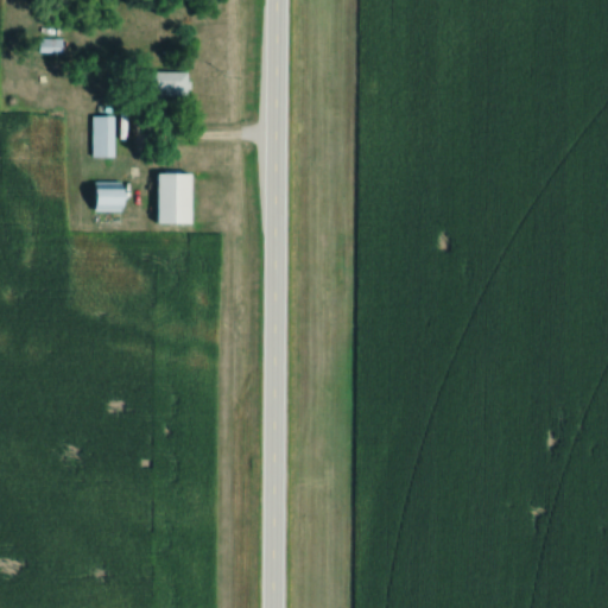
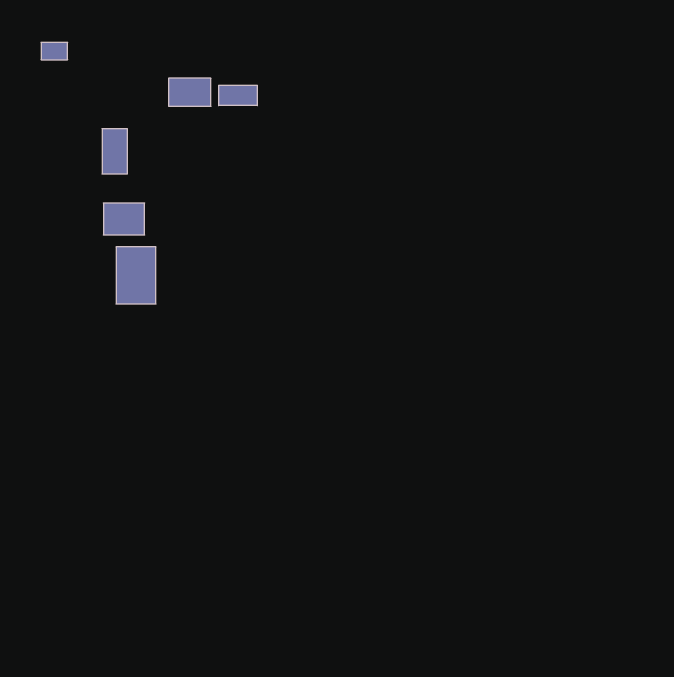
building: none -> [219,85,257,106]
building: [158,173,194,224] -> [116,247,156,304]

